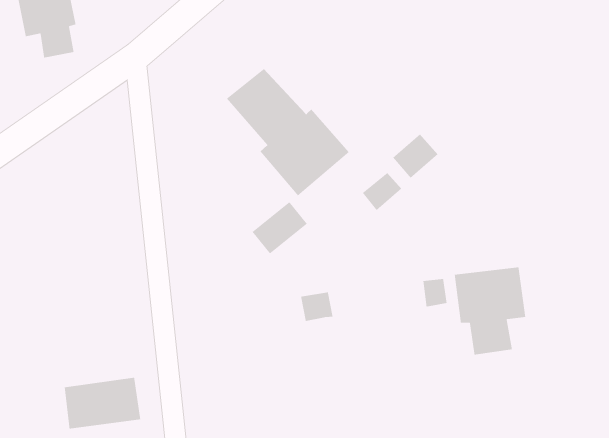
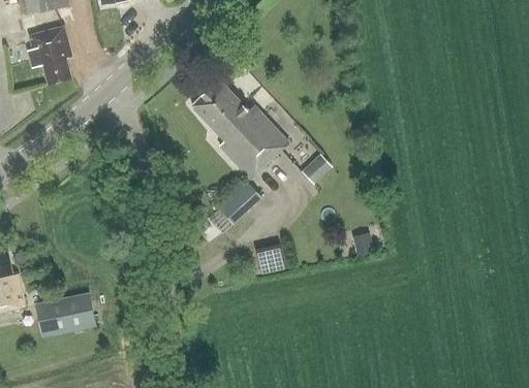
building: [392,133,438,179] -> none
building: [454,267,526,355] -> none
building: [64,377,141,430] -> [34,291,96,335]

